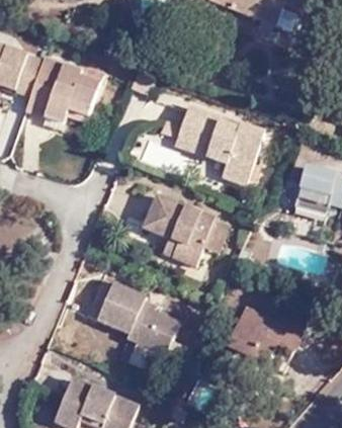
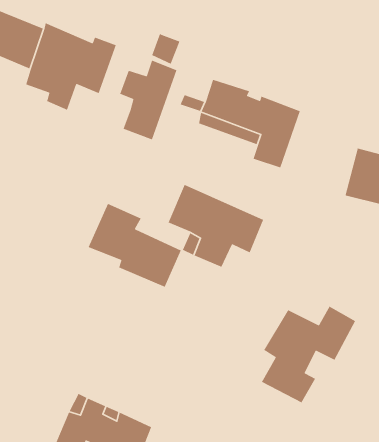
building: none -> [119,60,178,140]
building: [98,280,179,353] -> [87,203,182,288]

